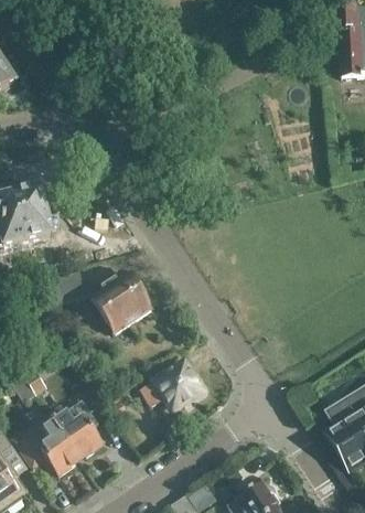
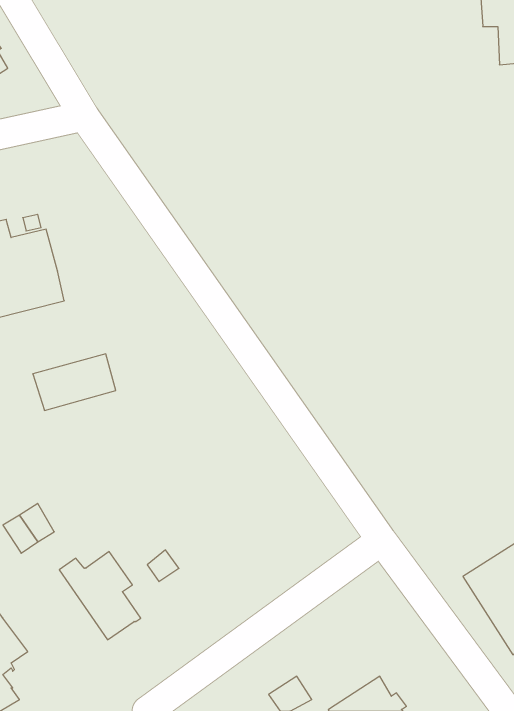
building: [89,272,151,334] -> none
building: [144,364,200,407] -> none
building: [17,414,80,475] -> none

